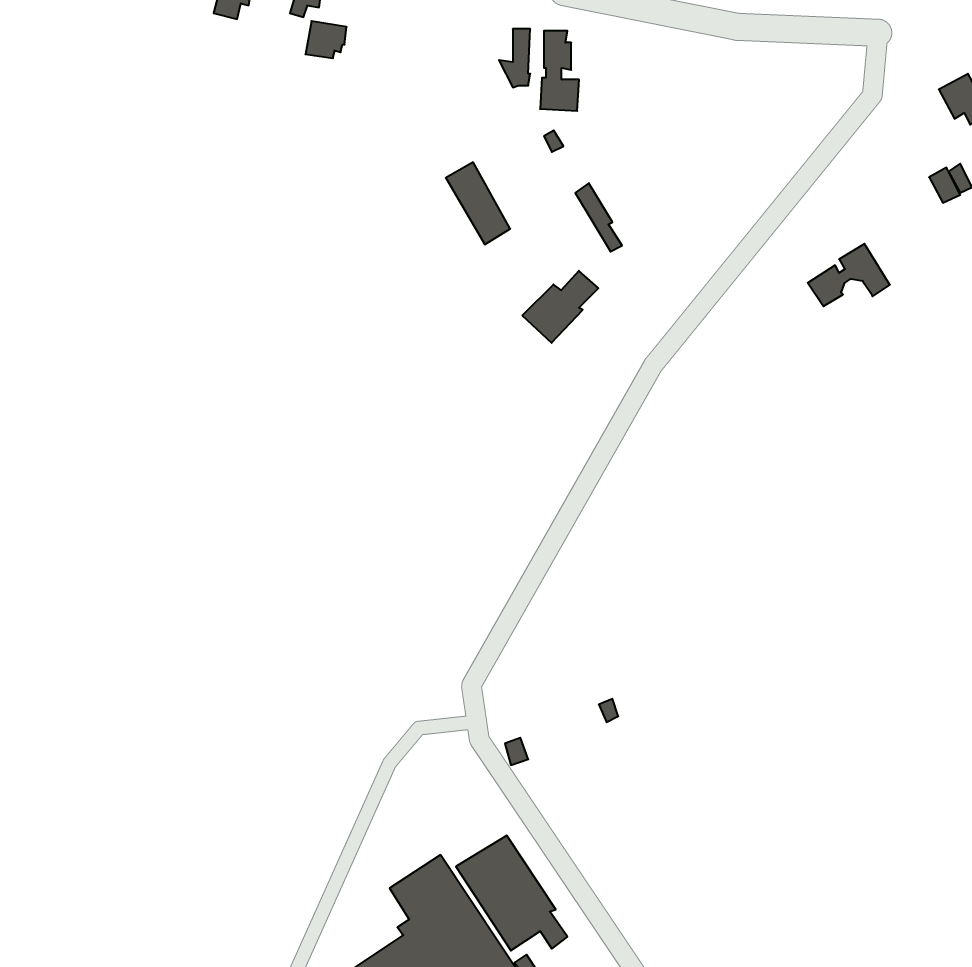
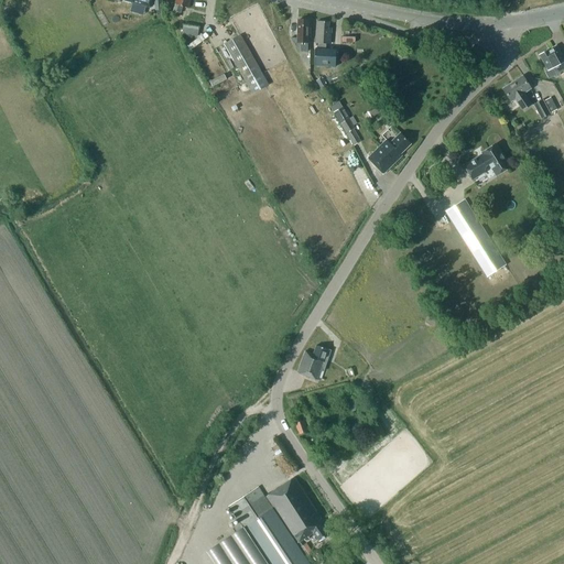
building: none -> [501,76,531,110]
building: [446,162,510,244] -> [225,36,261,83]
building: [522,271,598,343] -> [368,133,411,174]
building: none -> [447,199,511,284]
building: none -> [296,345,330,380]

